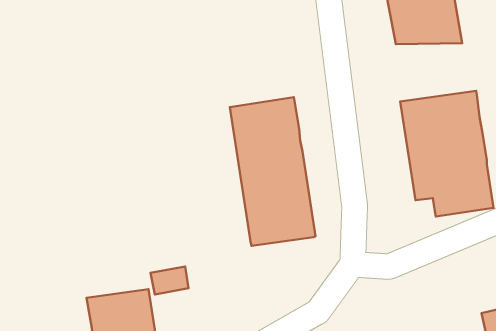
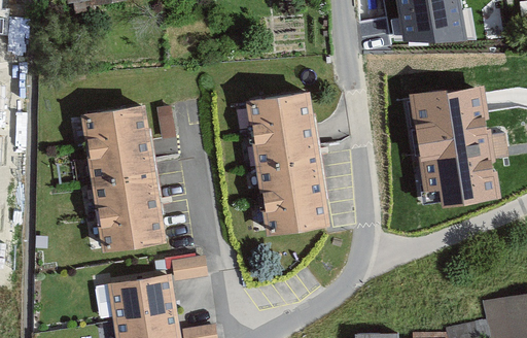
building: none -> [83,106,163,249]

